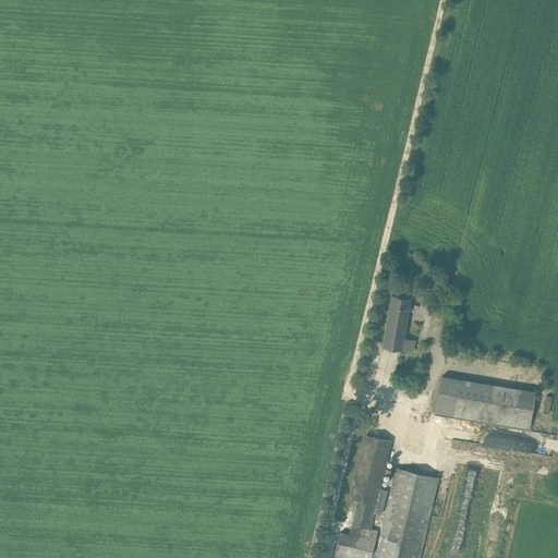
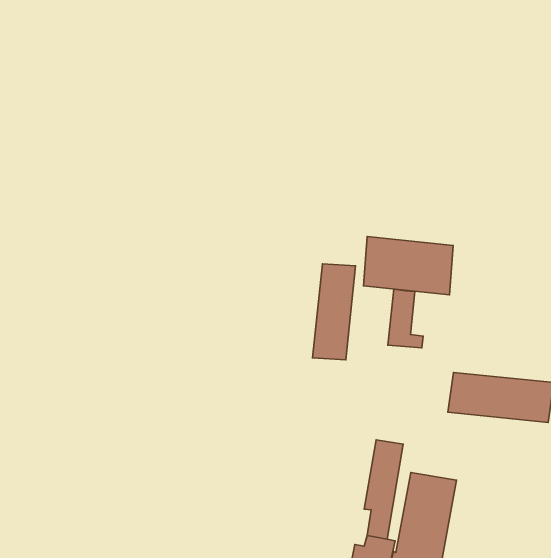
building: none -> [363,237,453,295]
building: none -> [313,264,356,360]

